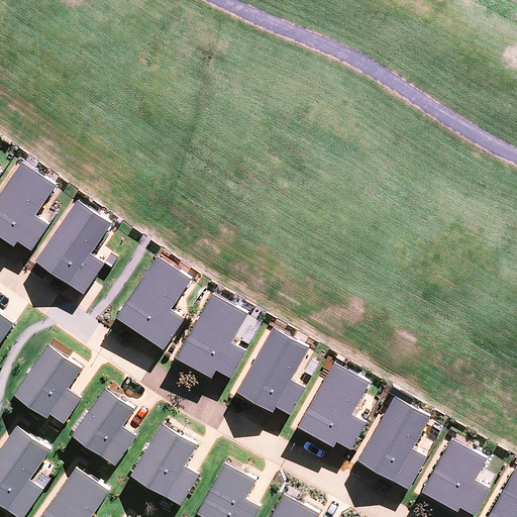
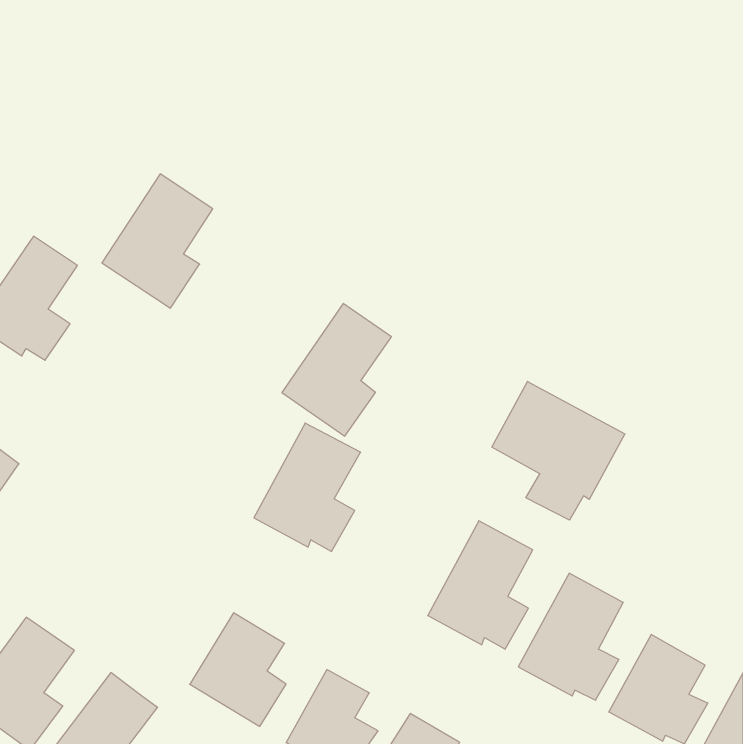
building: [35,201,112,294] -> [102,174,213,308]
building: [116,256,192,348] -> [282,303,391,436]
building: none -> [492,381,625,520]
building: [235,328,308,417] -> none
building: [14,346,81,421] -> none
building: [72,388,135,466] -> none

